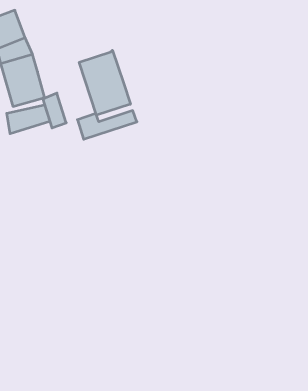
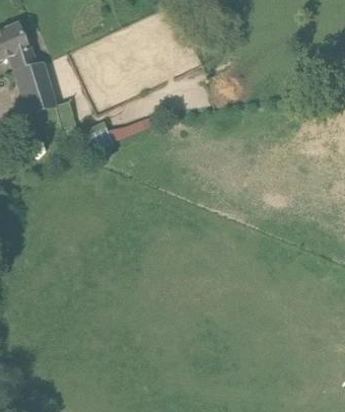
building: [79,50,130,115] -> none
building: [7,105,50,134] -> none

